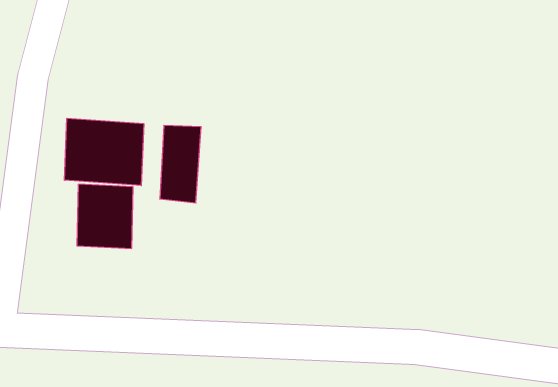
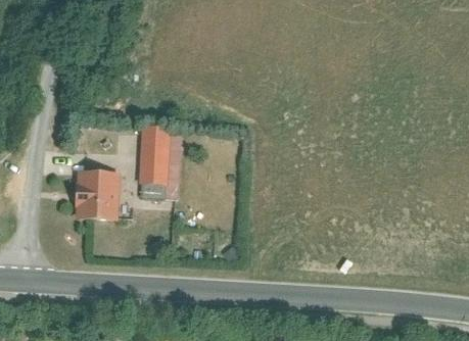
building: [64,118,144,186] -> none

